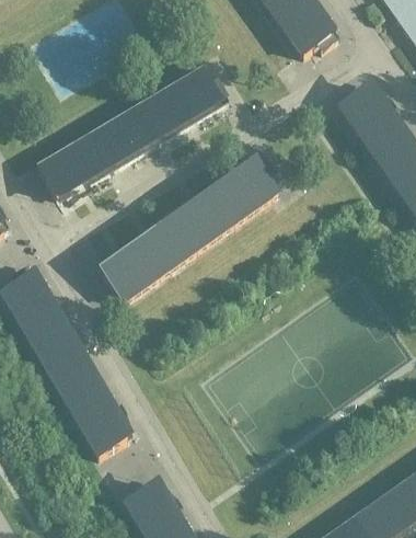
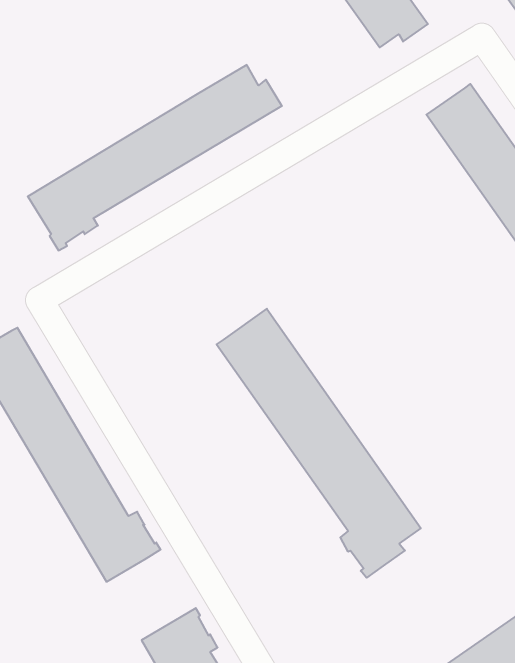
building: [94,153,279,300] -> none
building: none -> [217,309,421,578]

